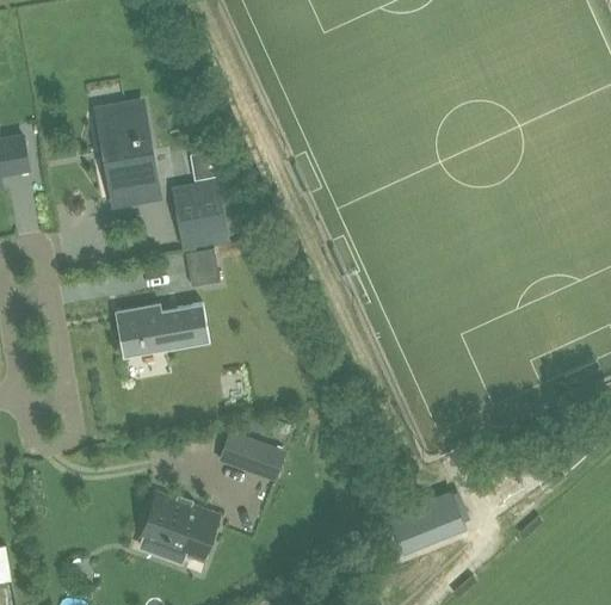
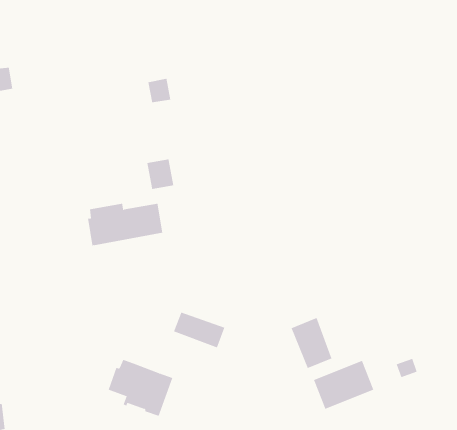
building: [100,111,158,198] -> none
building: [174,186,227,246] -> none
building: none -> [291,317,332,369]

